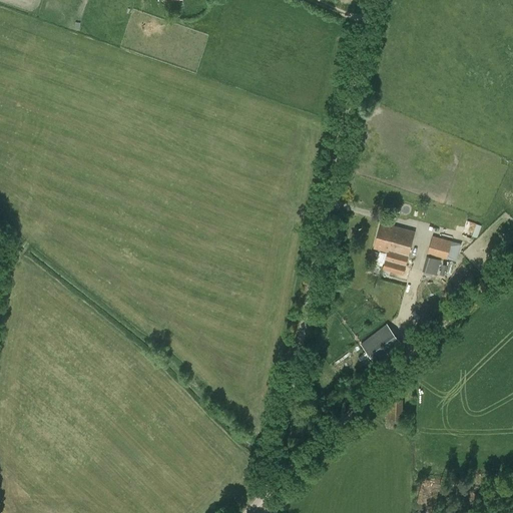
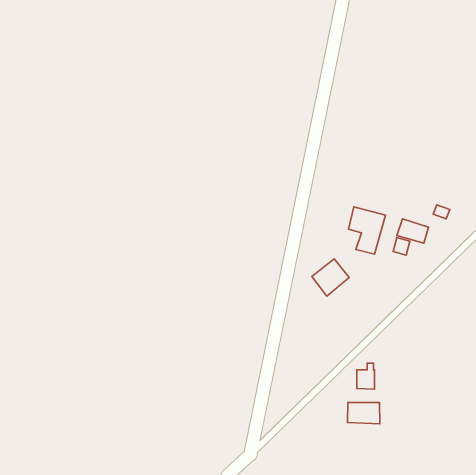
building: [362,326,402,366] -> [312,259,349,296]
building: none -> [347,403,380,424]

